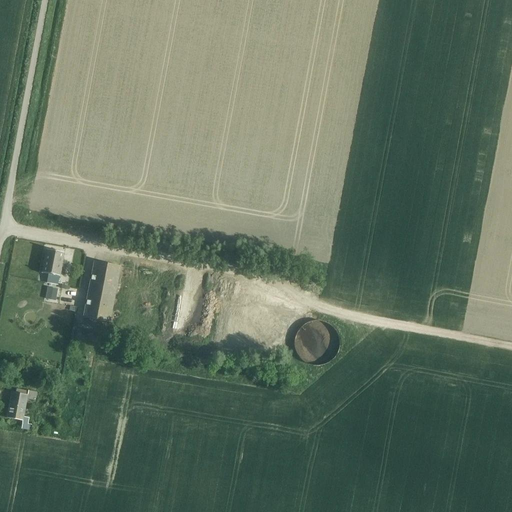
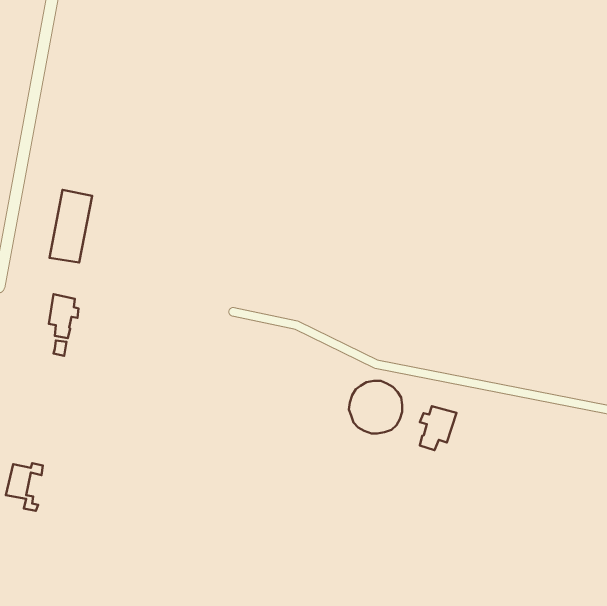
building: [83,260,119,321] -> [49,190,92,263]
building: none -> [420,406,457,450]

